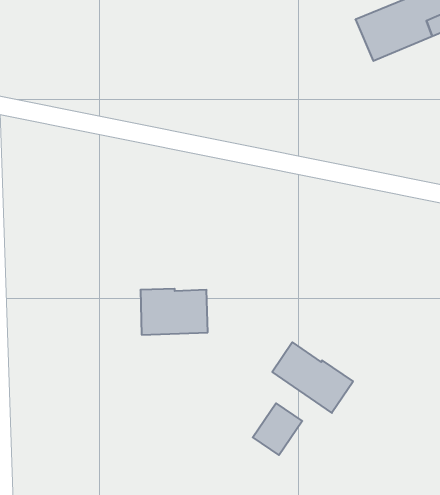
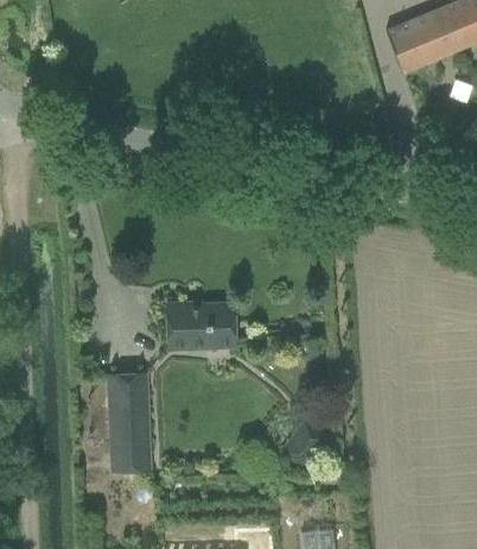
building: [272,342,353,413] -> none
building: none -> [108,373,150,471]

